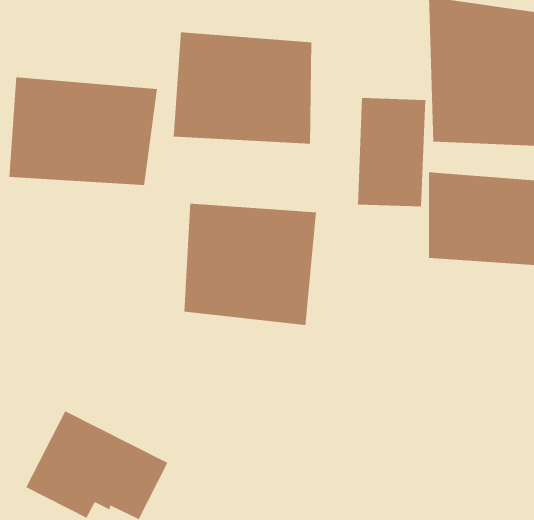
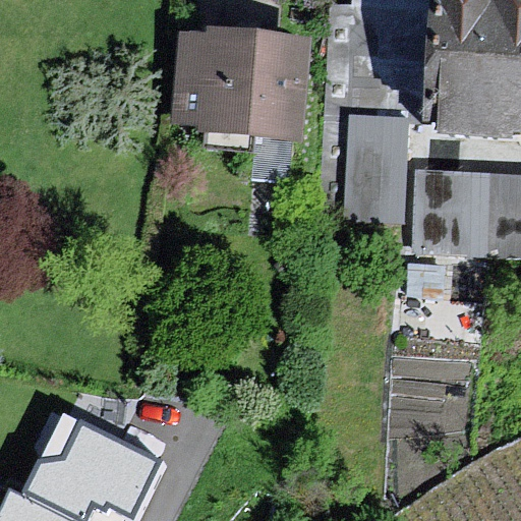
building: [8,77,158,186] -> none
building: [183,203,317,326] -> none

